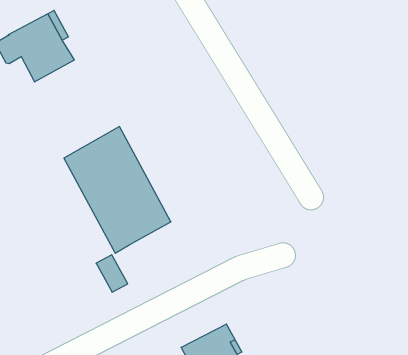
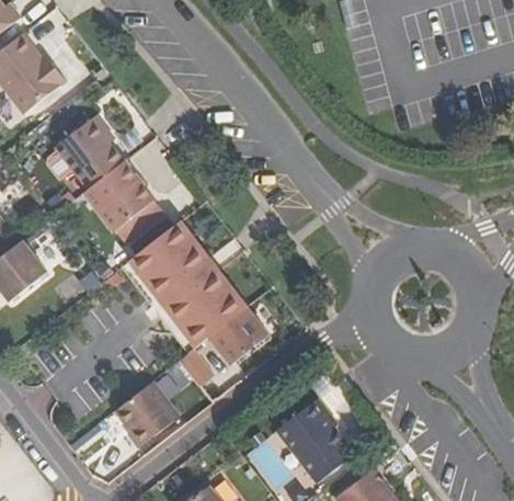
building: none -> [84,160,163,242]
building: none -> [209,306,269,364]
building: none -> [115,380,180,447]

